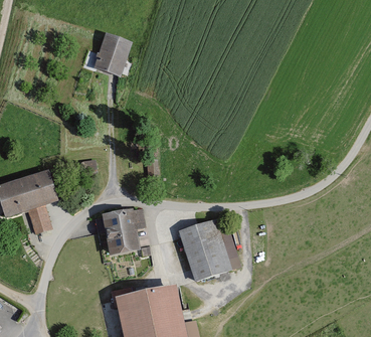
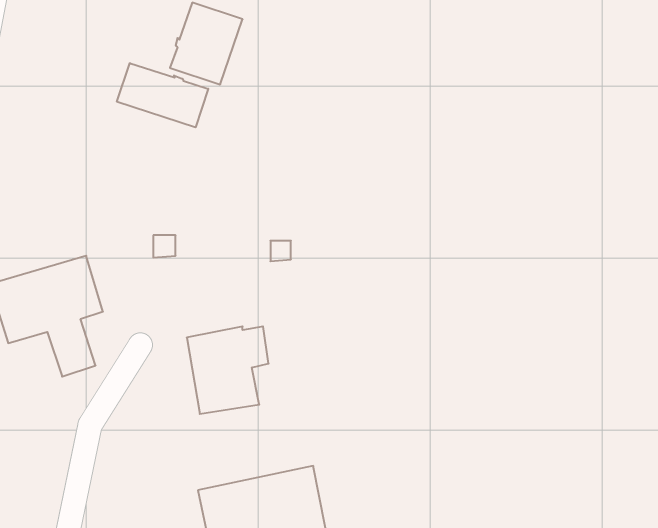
building: none -> [117,63,208,127]
building: [179,217,233,281] -> none

